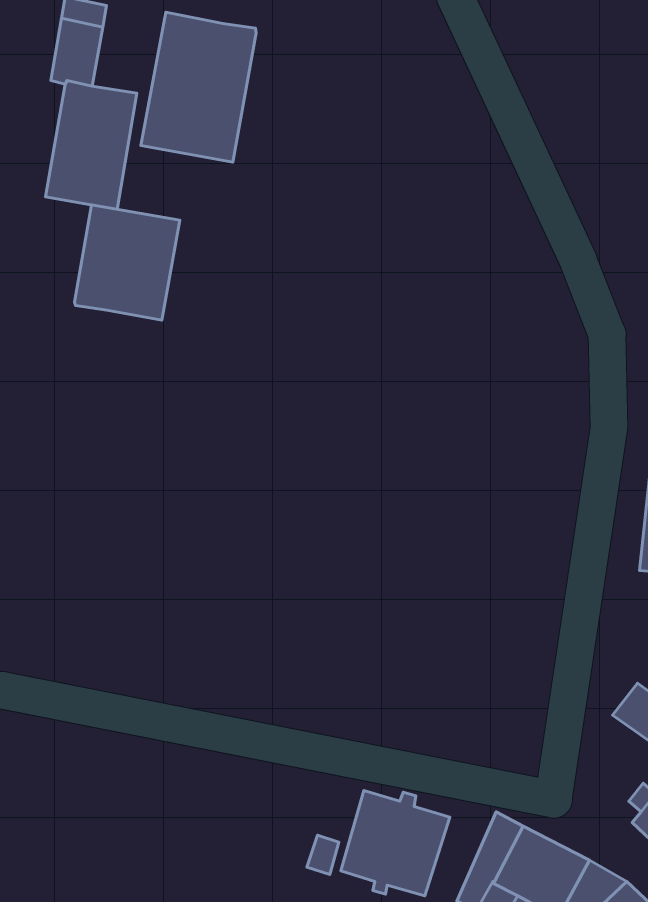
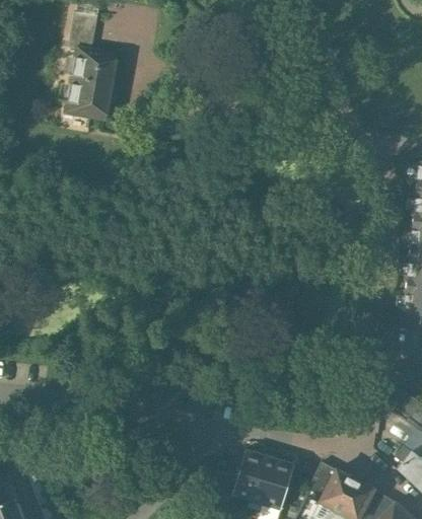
building: [141,12,256,162] -> none
building: [75,205,180,320] -> none

